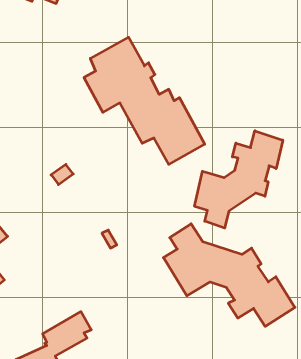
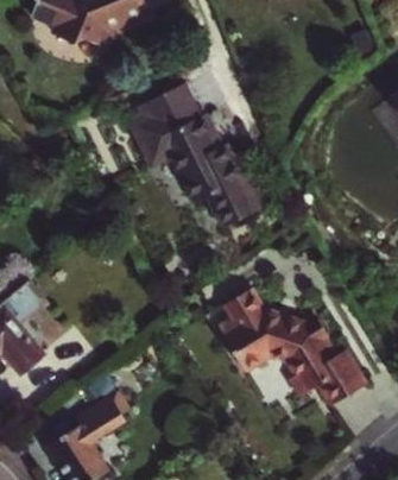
building: [195,131,283,228] -> none

